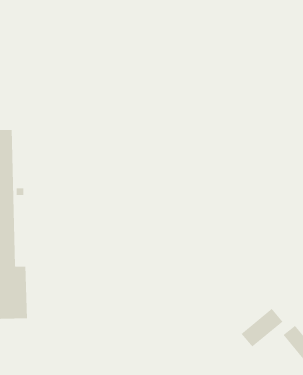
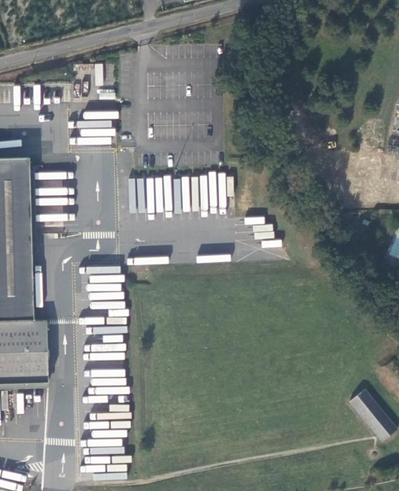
building: [241,308,284,348] -> none

